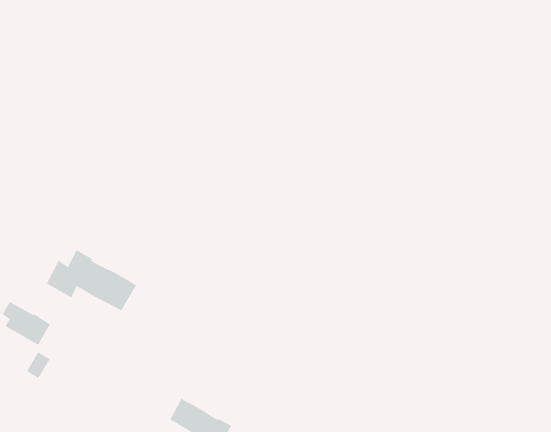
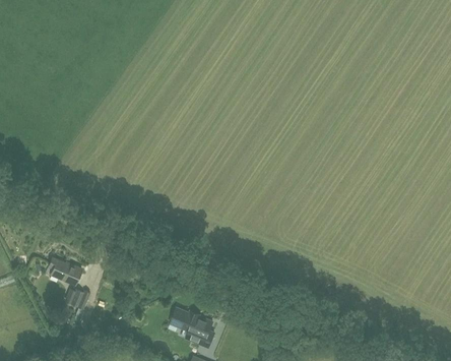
building: [46,250,137,311] -> none

